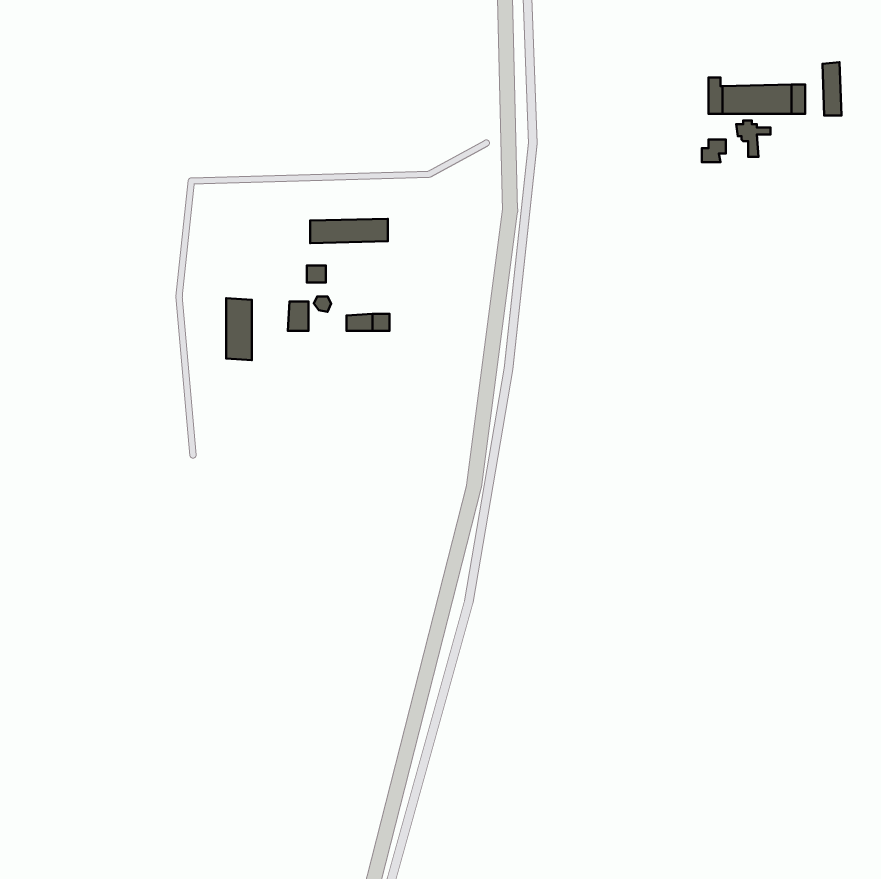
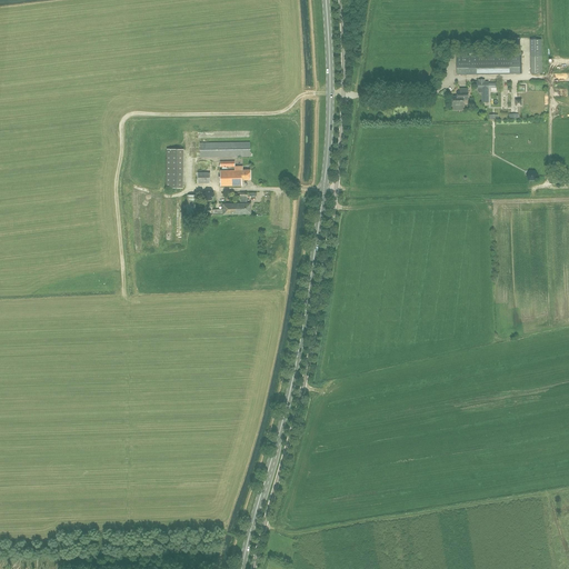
building: none -> [220,160,250,184]
building: [226,298,252,360] -> [167,148,183,188]

